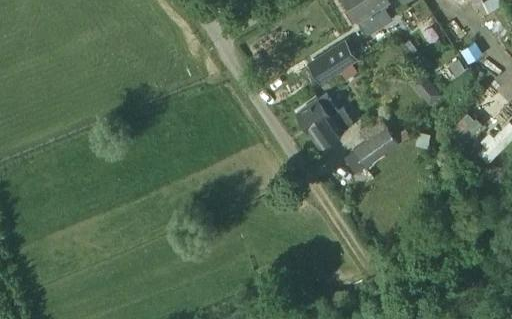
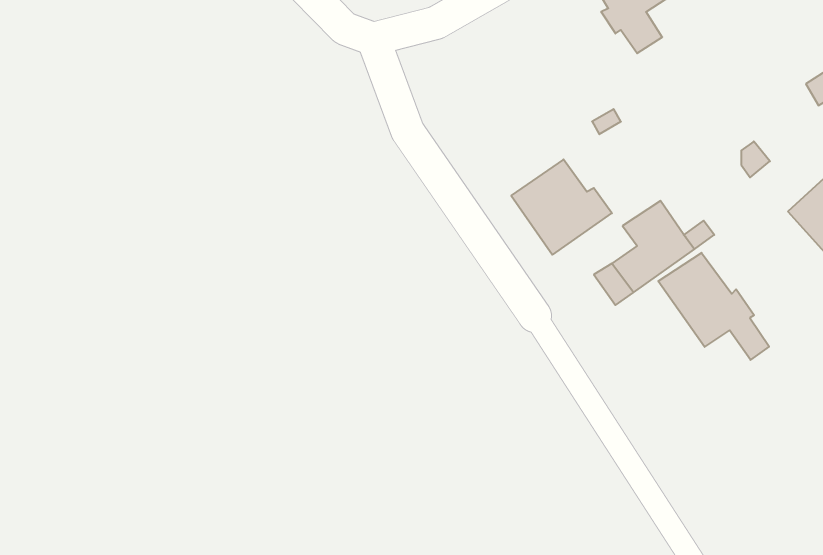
building: [306,40,356,85] -> none
building: none -> [658,253,769,360]

